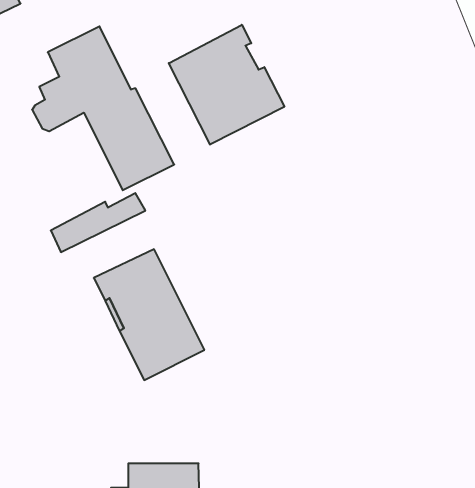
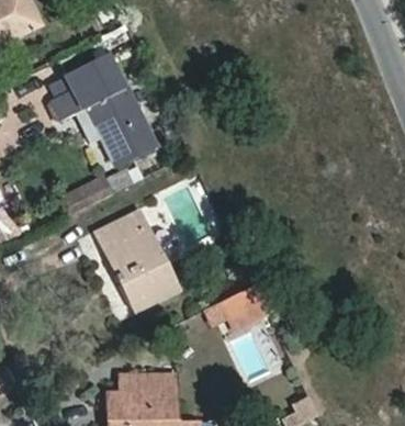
building: [169,25,284,145] -> none
building: none -> [201,284,268,332]

